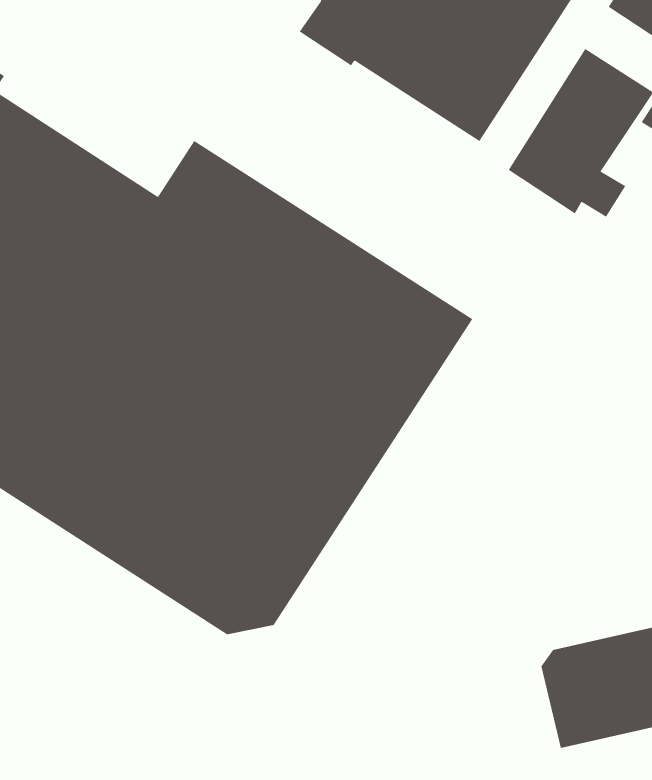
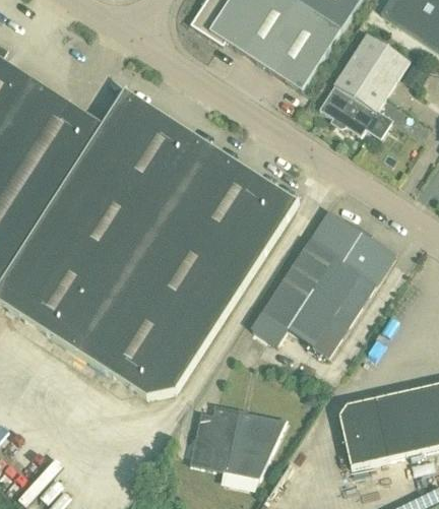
building: none -> [252,210,396,357]
building: none -> [189,404,288,479]

